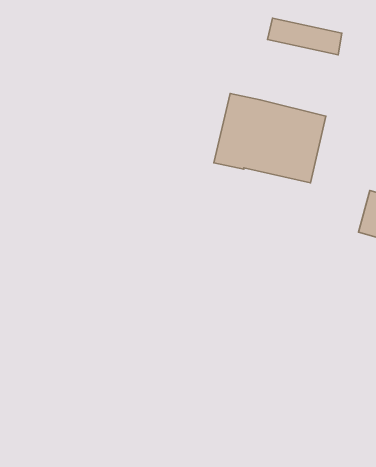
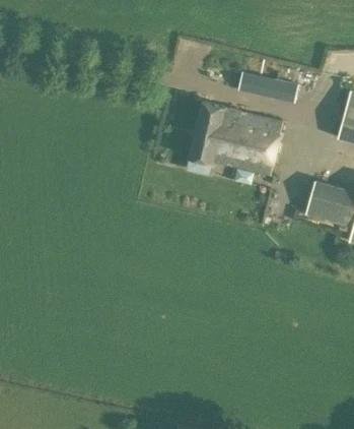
building: [268,18,342,55] -> [238,73,298,103]

